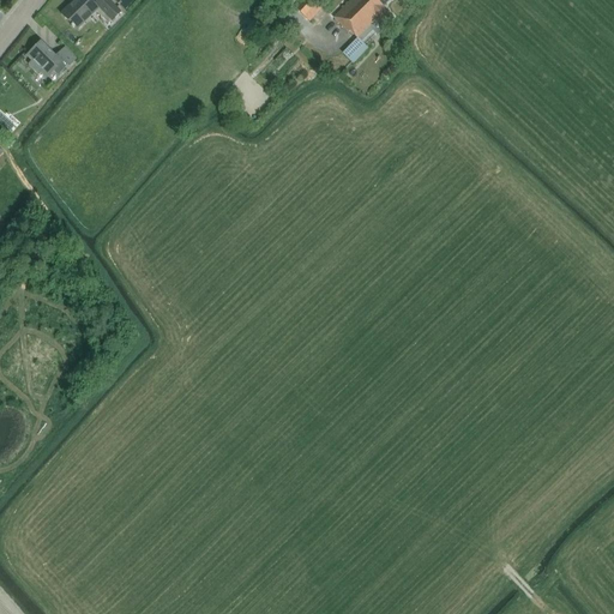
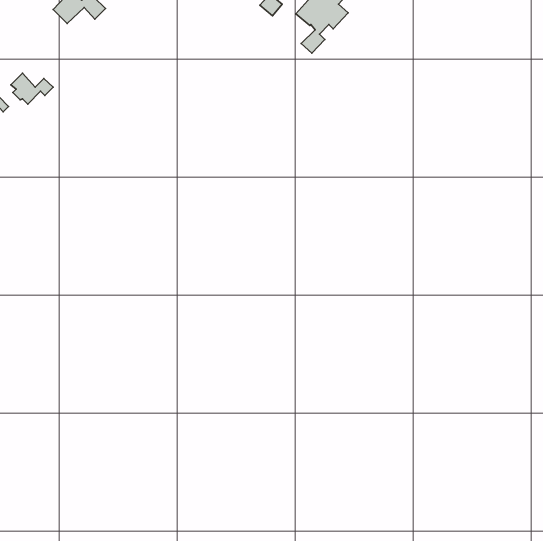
building: [26,40,74,74] -> [11,73,53,104]

